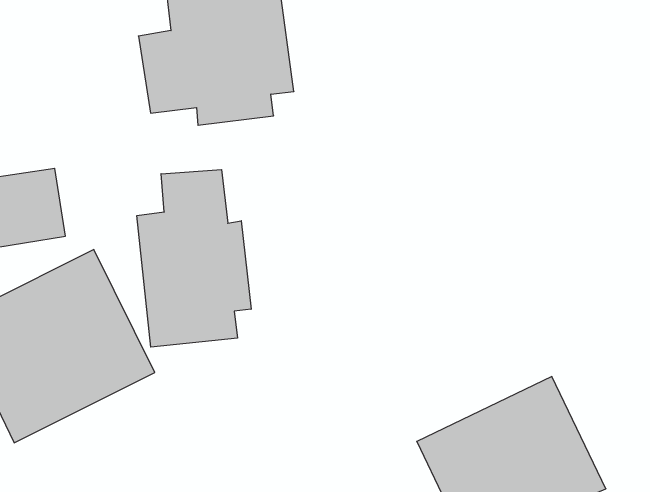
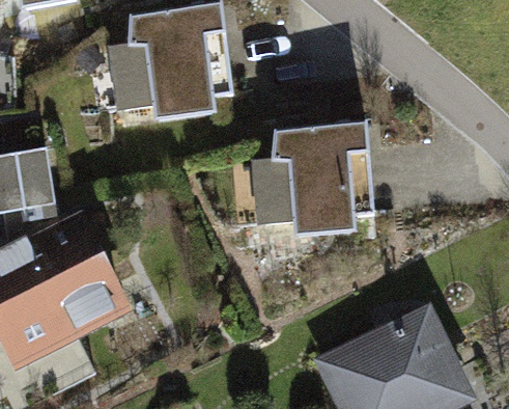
building: none -> [249,127,370,235]
building: [137,170,251,347] -> none

